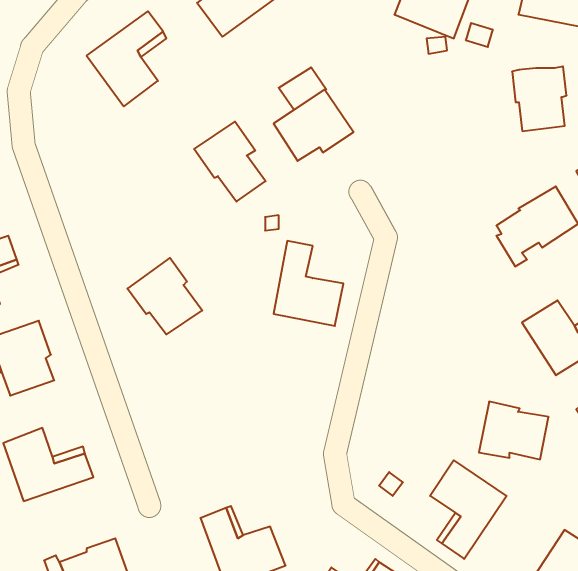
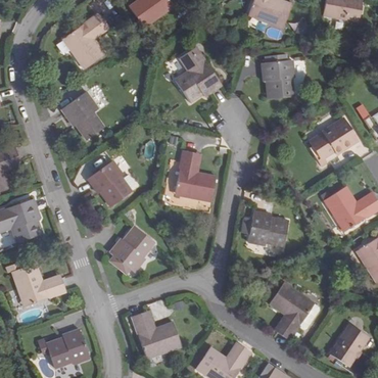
building: [512,66,567,131] -> [262,60,294,99]
building: [194,122,266,202] -> [61,92,104,140]
building: none -> [109,226,154,274]
building: [479,402,549,459] -> [247,211,289,246]

